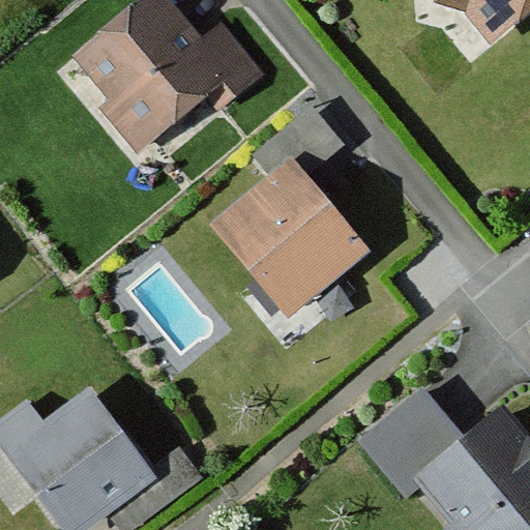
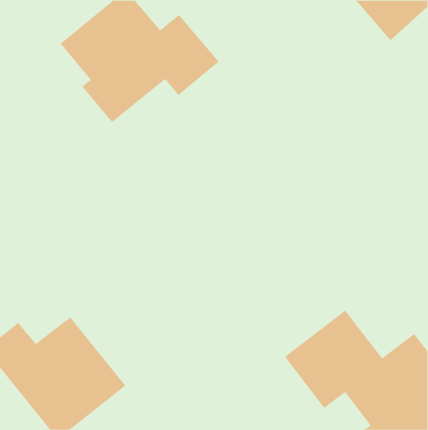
building: [213,104,373,318] -> none

